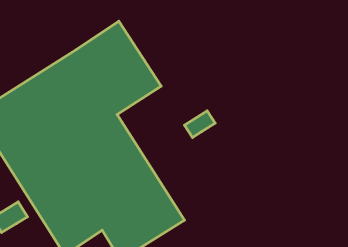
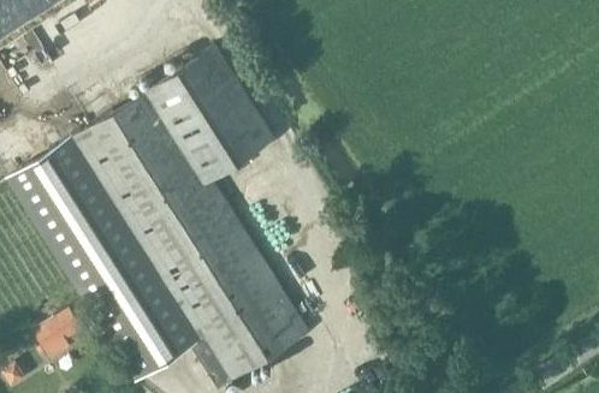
building: [185,111,215,138] -> none

